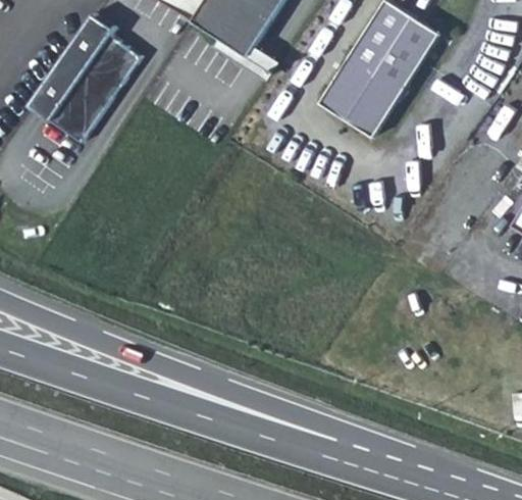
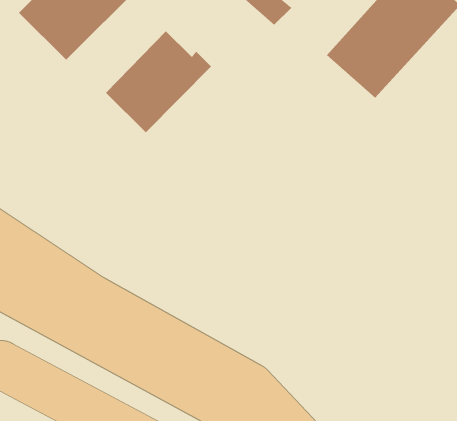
building: none -> [105,31,212,133]

